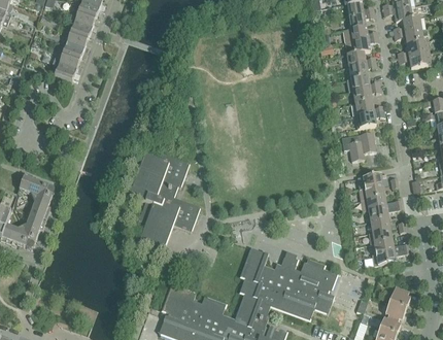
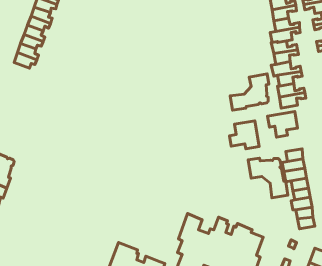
building: none -> [230,74,269,110]
building: none -> [230,121,259,149]
building: [130,152,200,249] -> none
building: none -> [248,158,288,198]

